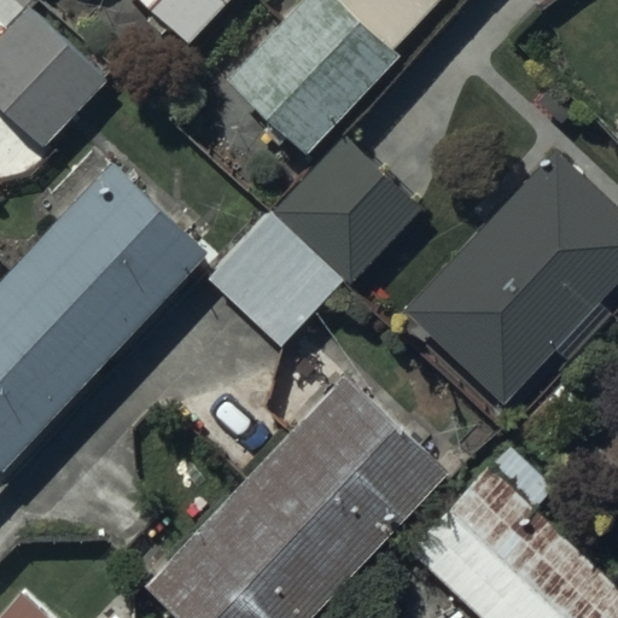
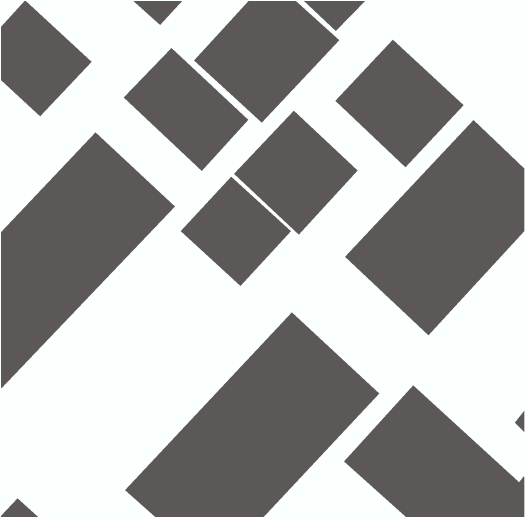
building: none -> [335,39,464,168]
building: none -> [123,47,249,172]

